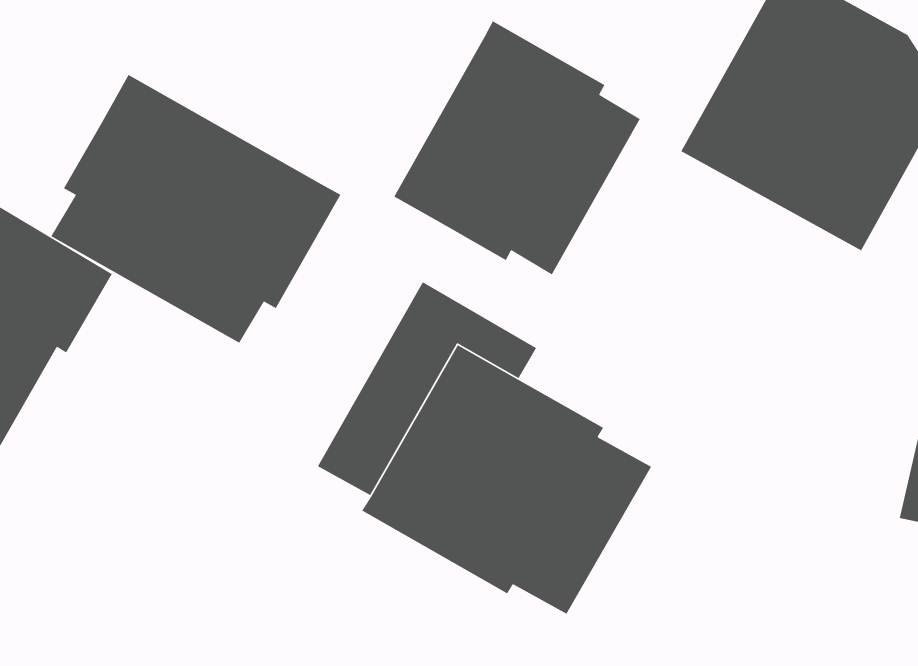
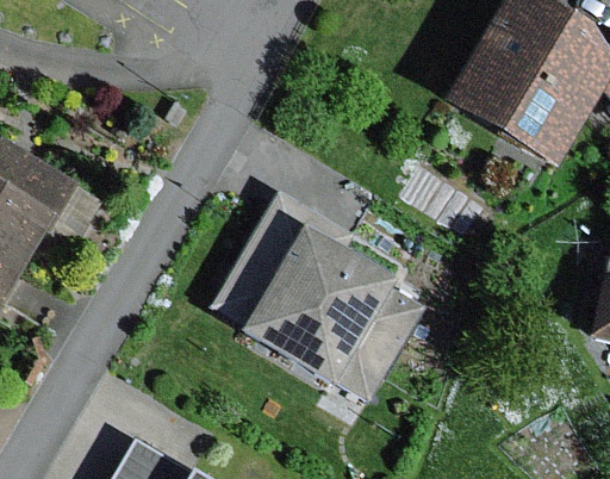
building: [393,20,641,275] -> none
building: [50,74,342,344] -> none

